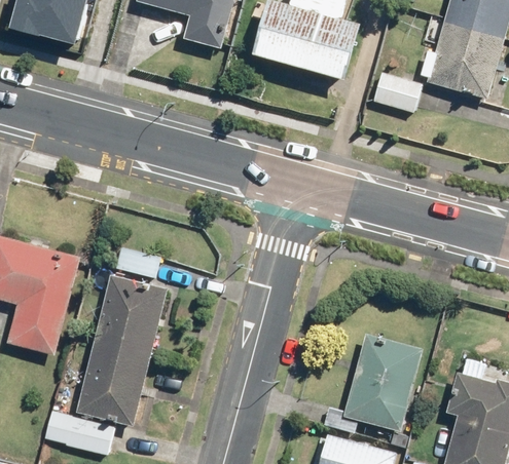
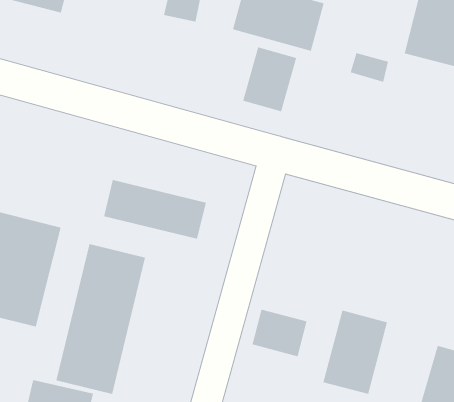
building: none -> [243,47,297,112]
building: none -> [103,179,206,239]
building: none -> [252,309,307,357]

